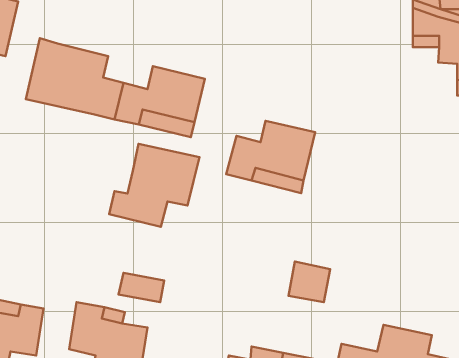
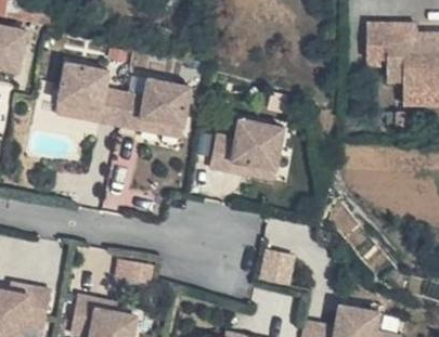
building: [109,144,199,227] -> none

